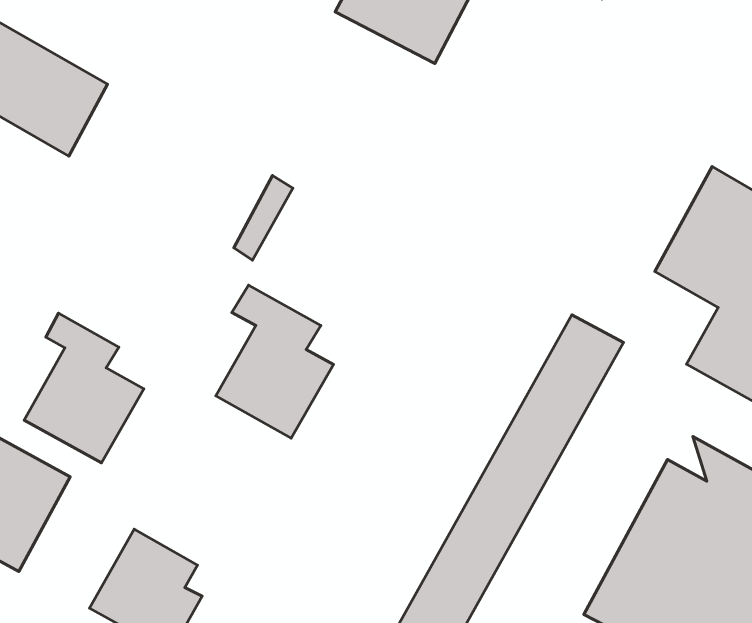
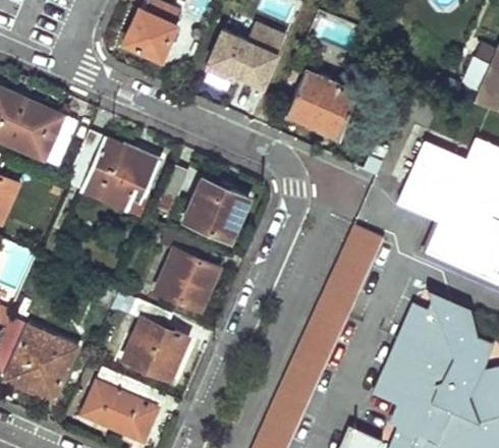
building: none -> [288,72,358,139]
building: none -> [75,128,158,208]
building: none -> [183,178,248,240]
building: [24,313,144,463] -> [120,297,186,380]

